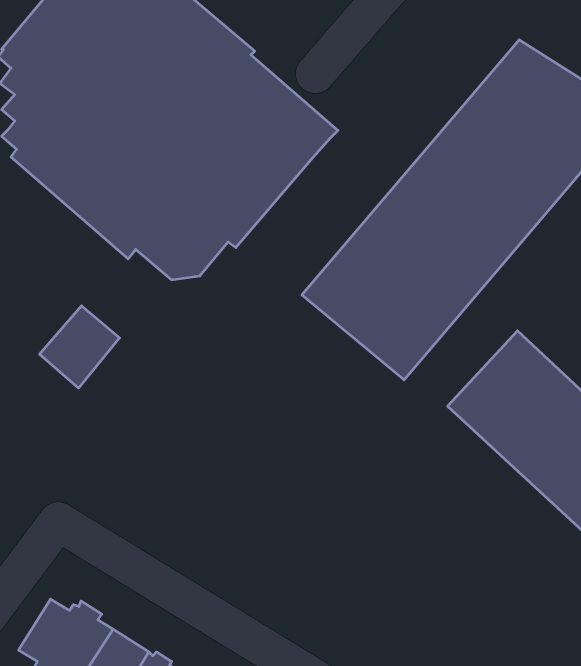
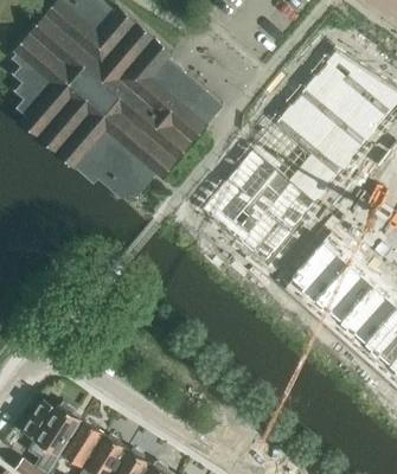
building: [40,306,120,388] -> none

